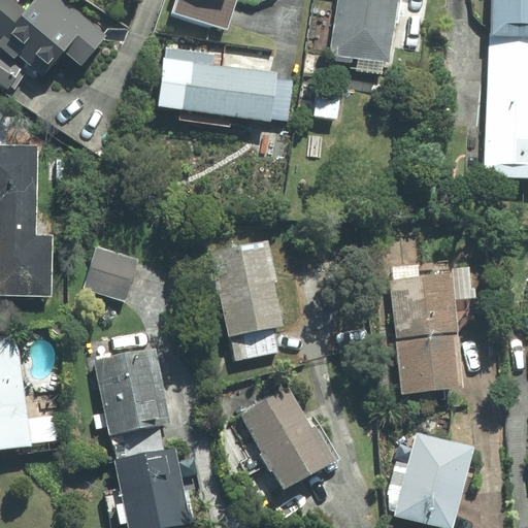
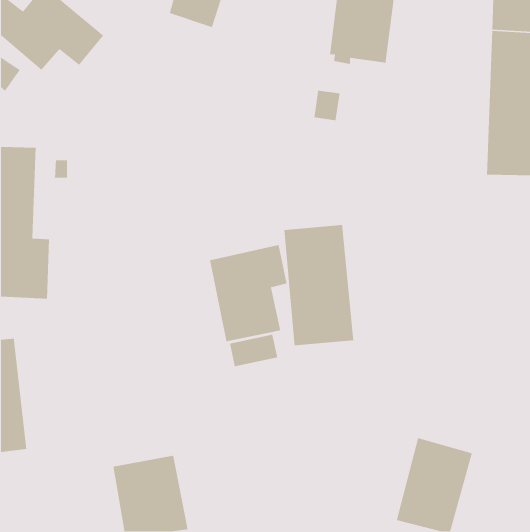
building: [178,61,272,120] -> none
building: [82,245,137,299] -> none
building: [389,272,459,393] -> [283,224,354,346]
building: [93,349,168,434] -> none
building: [241,391,338,490] -> none

